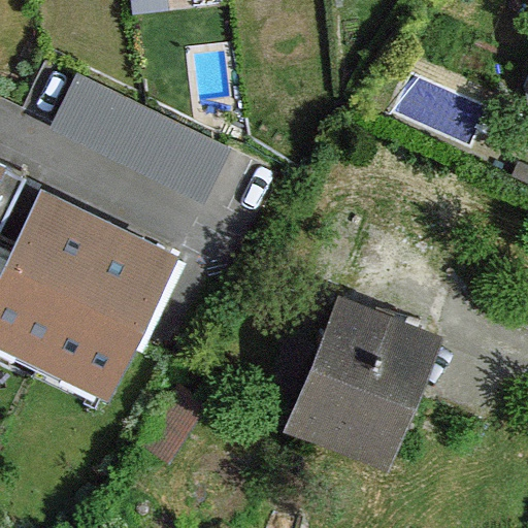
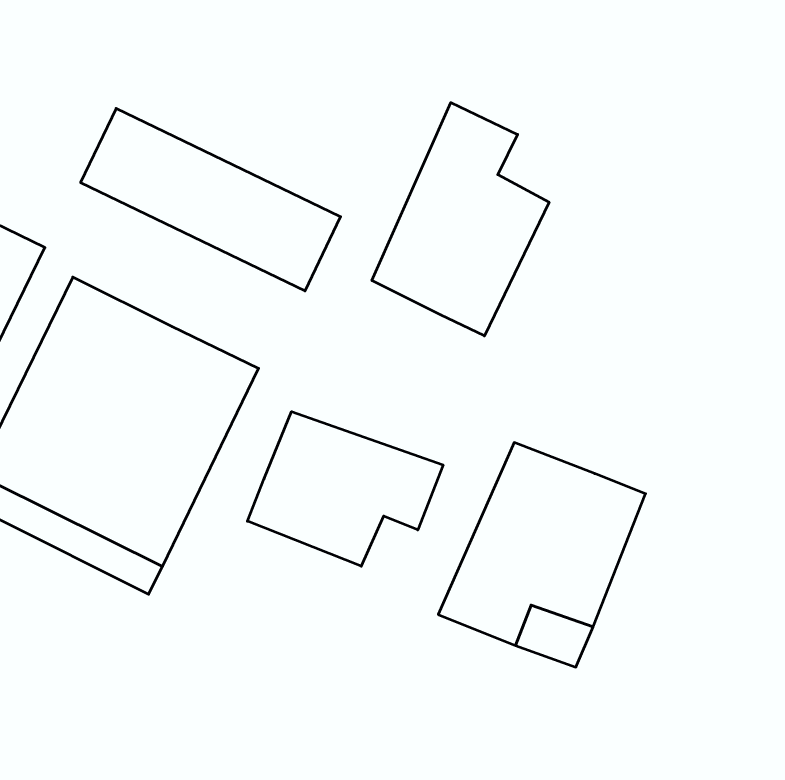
building: none -> [372,103,549,336]
building: none -> [247,412,443,566]

